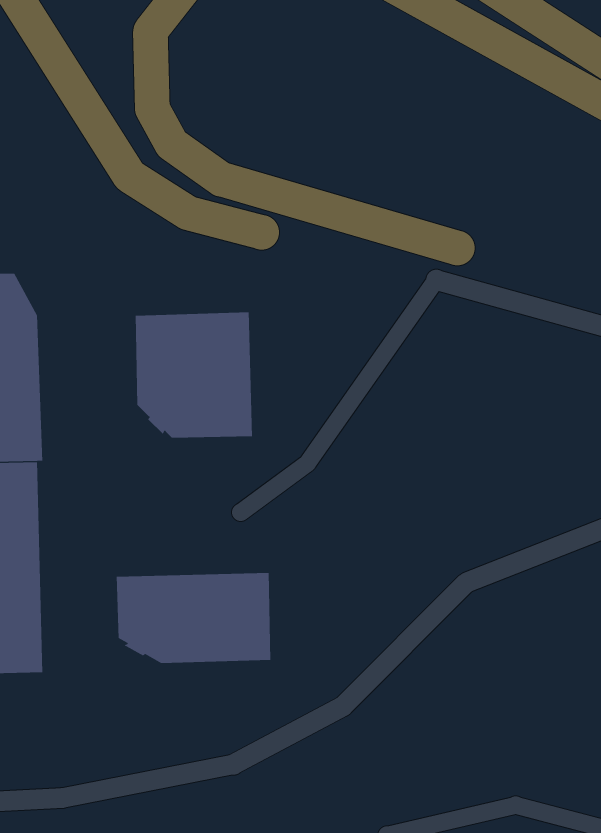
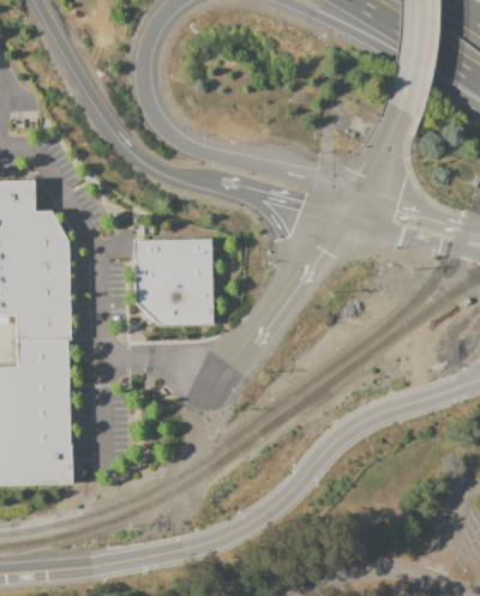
building: [116,572,271,664] -> none

